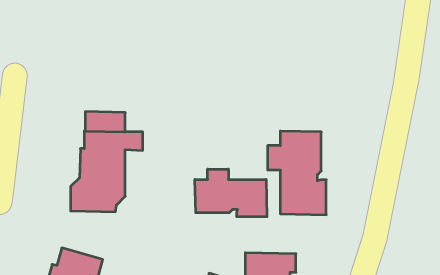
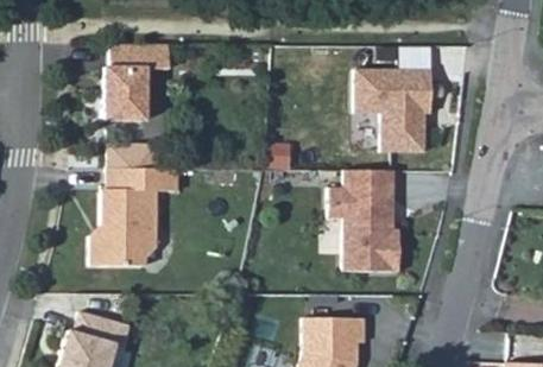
building: none -> [105,45,170,122]
building: none -> [356,69,434,151]
building: [195,169,267,217] -> none

